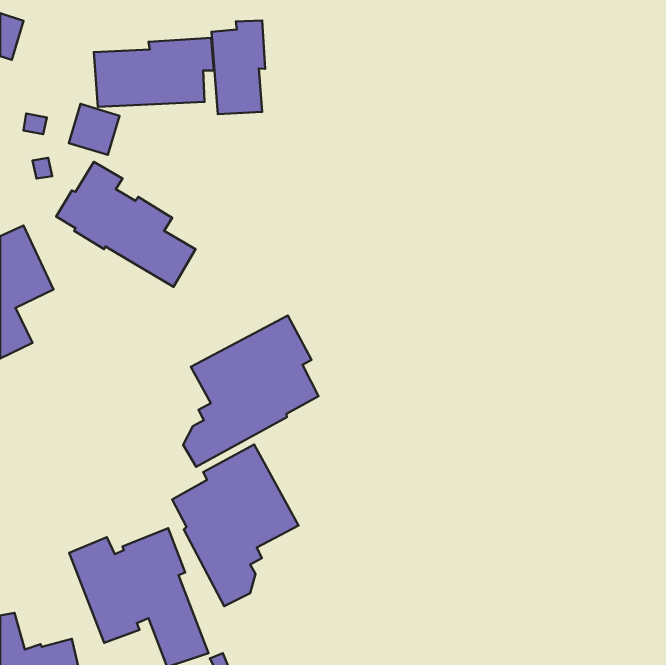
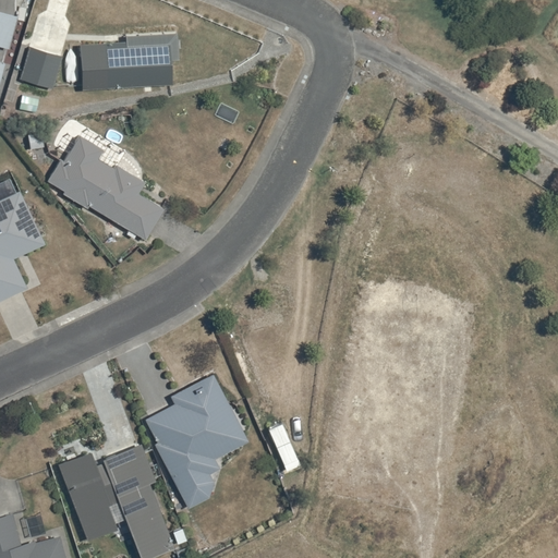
building: [212,20,265,114] -> none
building: [69,104,120,155] -> [20,47,62,89]
building: [183,315,319,467] -> none

